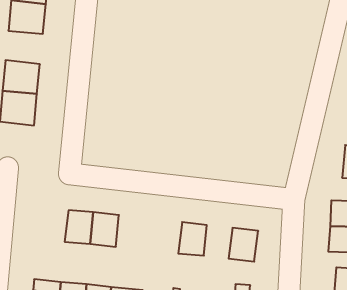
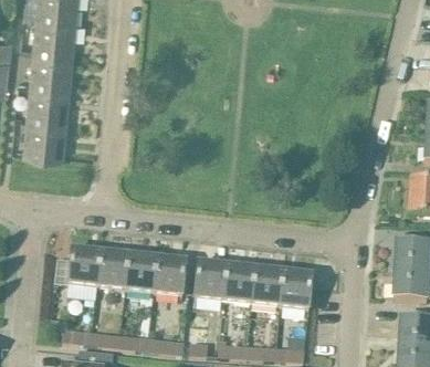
building: none -> [30,50,72,87]
building: none -> [67,248,101,286]
building: none -> [154,256,186,295]
building: none -> [195,261,228,300]
building: none -> [252,268,284,305]

